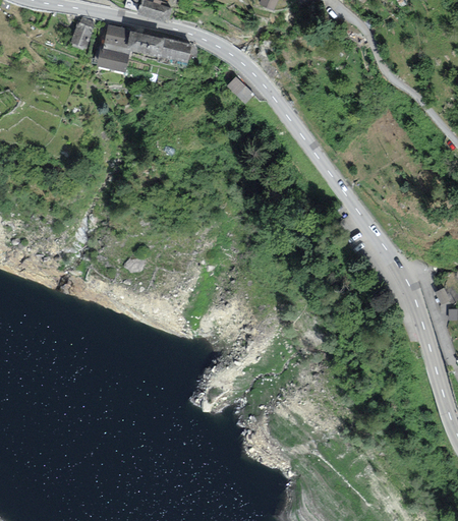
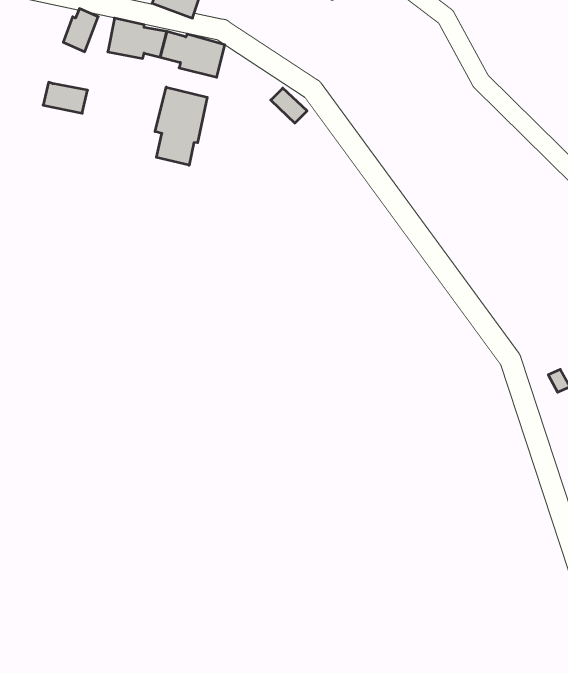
building: [96,48,129,71] -> [43,82,88,113]
building: none -> [155,87,207,165]

